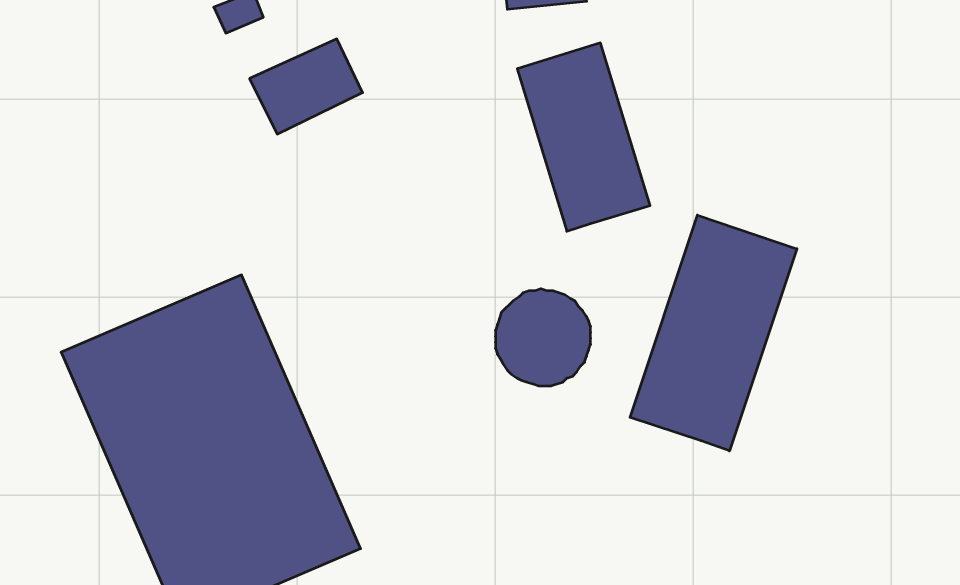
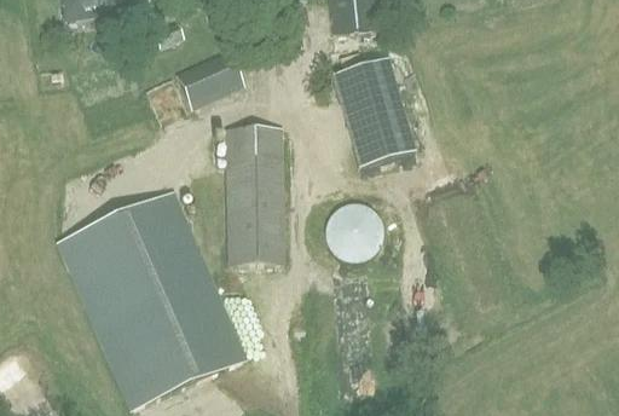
building: none -> [224,126,284,262]
building: [630,215,797,451] -> none

